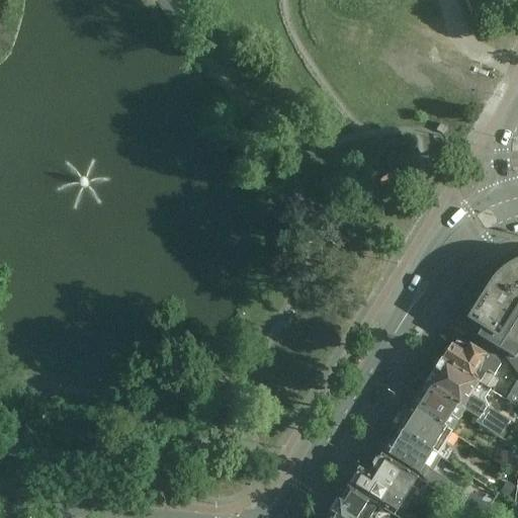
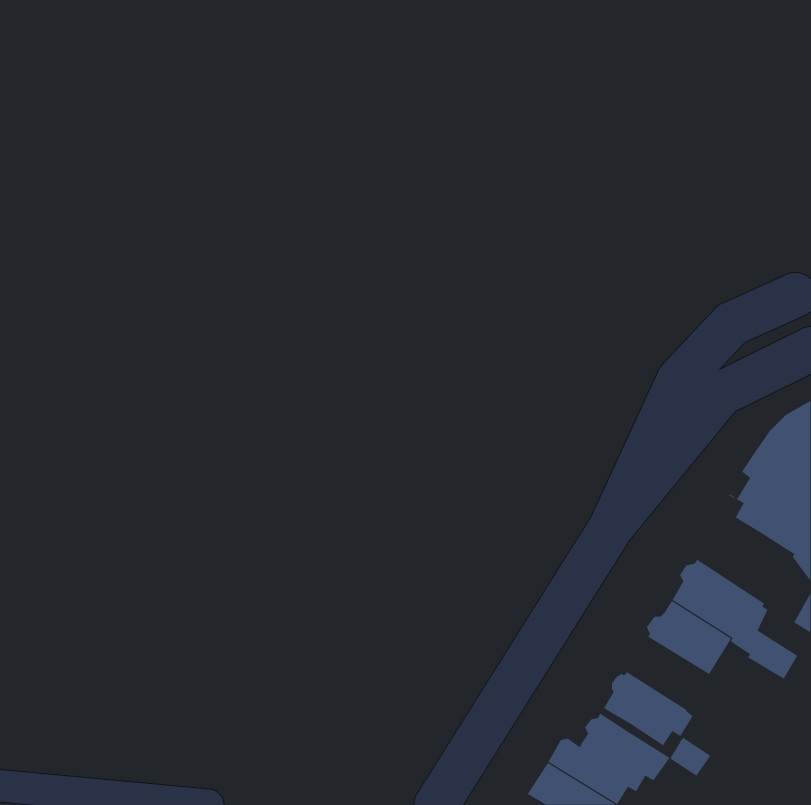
building: [442,339,506,384] -> none
building: [400,406,452,452] -> none

